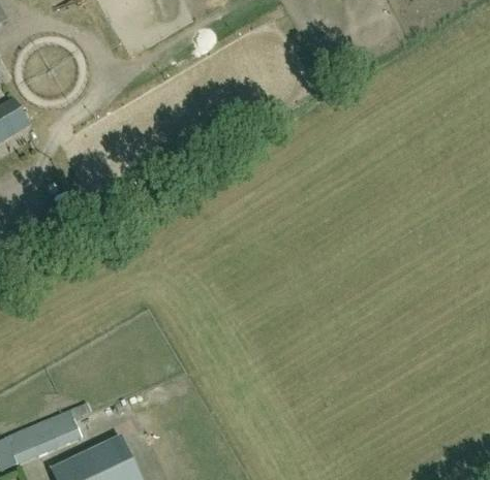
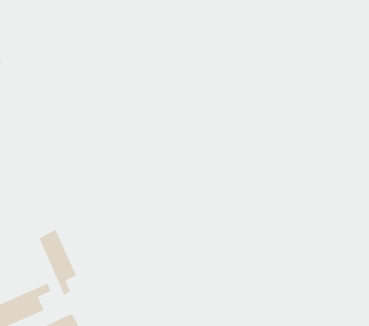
building: none -> [38,229,77,296]

